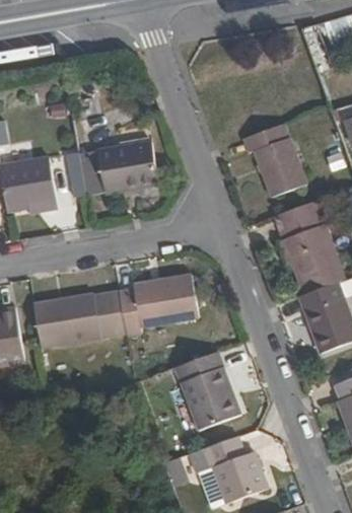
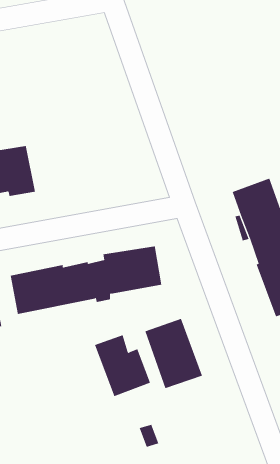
building: [245,121,307,194] -> none
building: [77,138,155,192] -> none
building: [205,434,267,502] -> [94,335,151,397]

